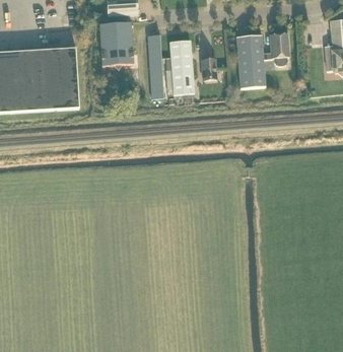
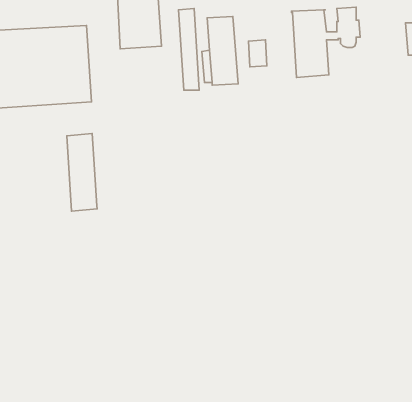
building: none -> [67,133,97,211]

